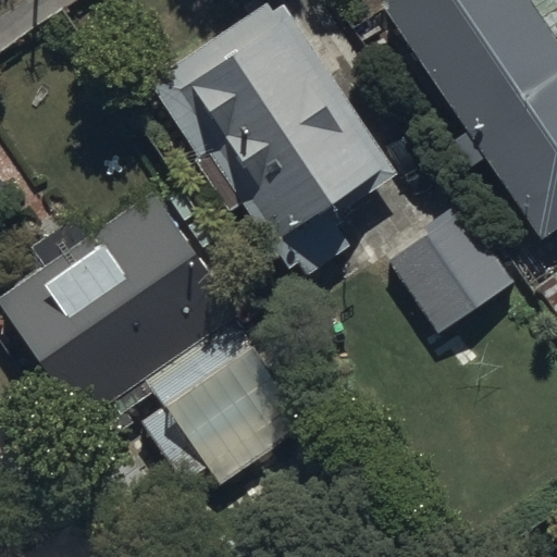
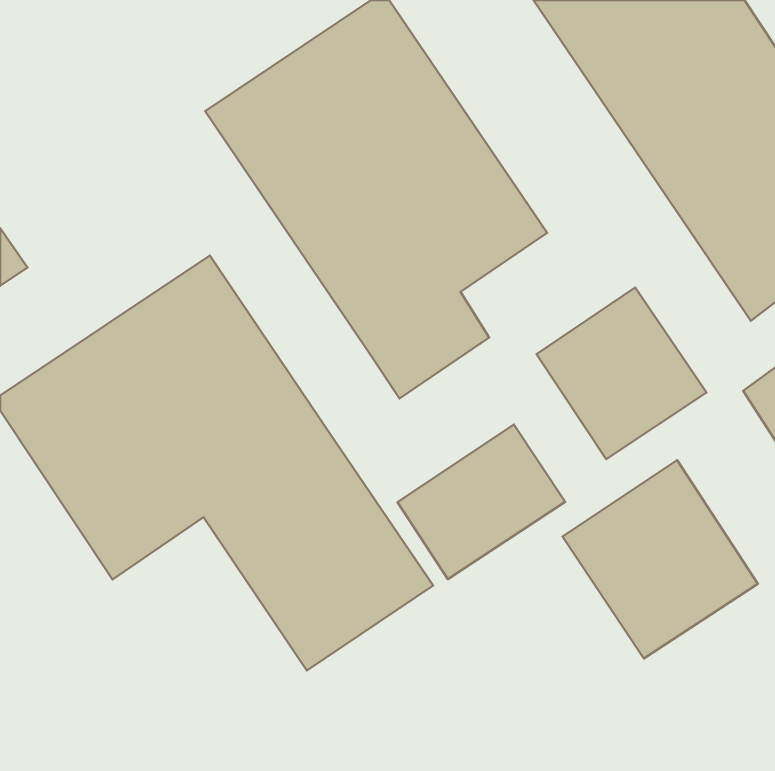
building: none -> [397,425,565,579]
building: none -> [563,460,758,659]

